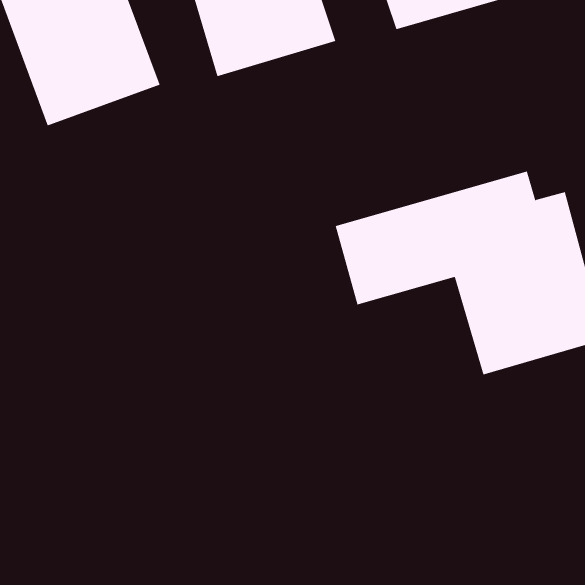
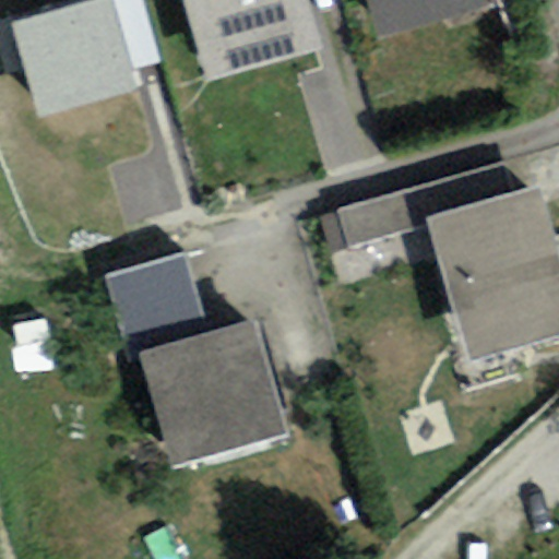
building: none -> [109,252,284,460]

